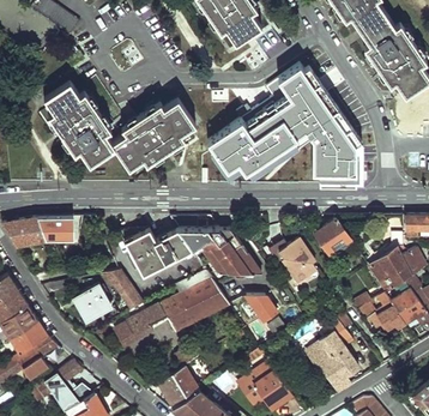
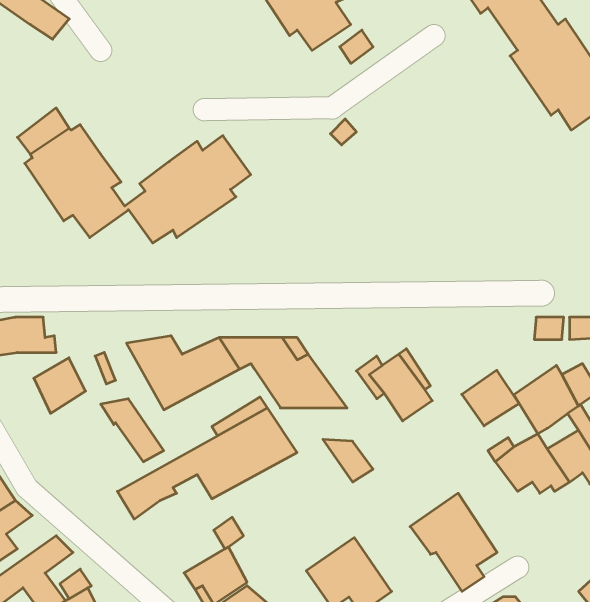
building: [207,62,364,187] -> none
building: [313,219,350,255] -> [462,370,519,426]
building: [75,285,109,321] -> [34,358,86,413]

